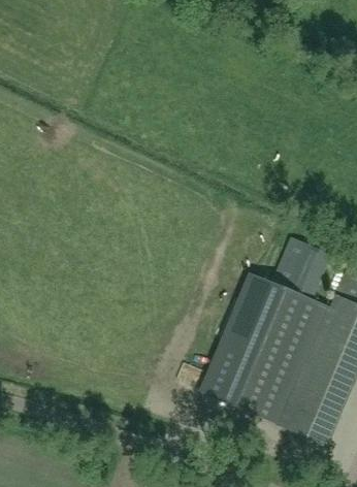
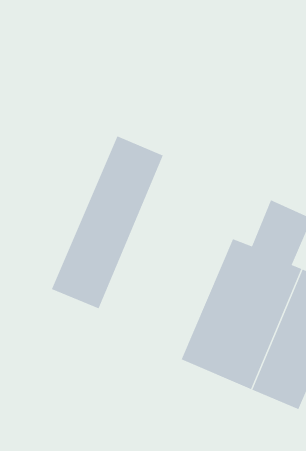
building: none -> [51,136,163,309]

